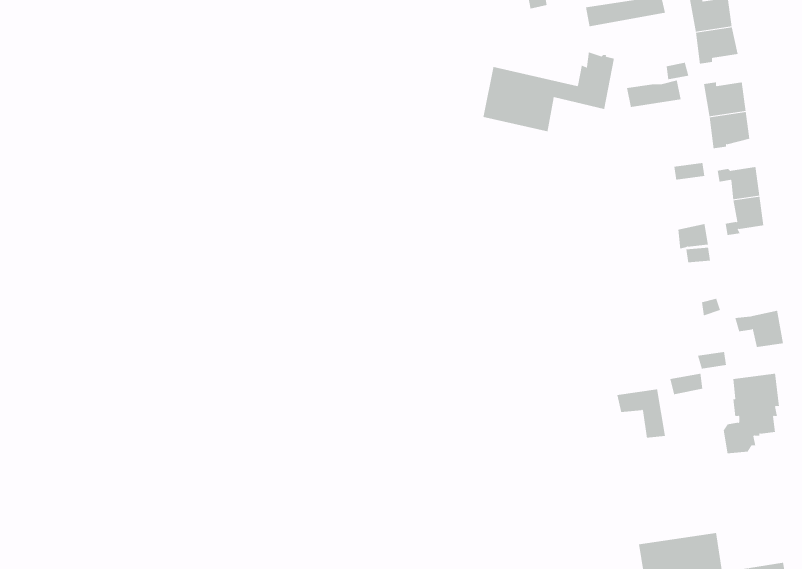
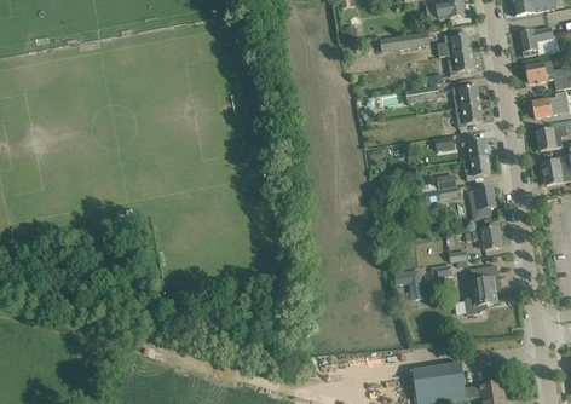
building: [483,51,615,132] -> none
building: none -> [468,185,495,220]

